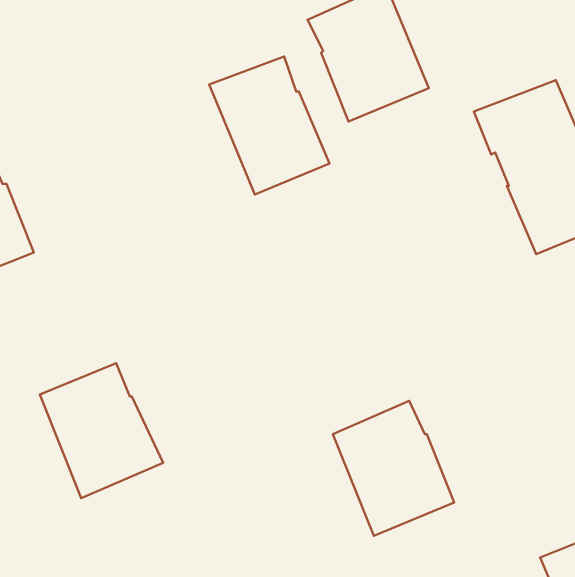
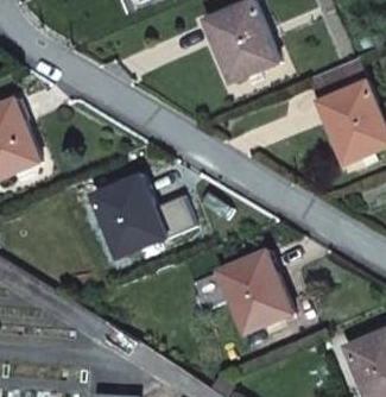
building: [209,56,330,195] -> none
building: [40,363,163,498] -> [91,176,166,258]

